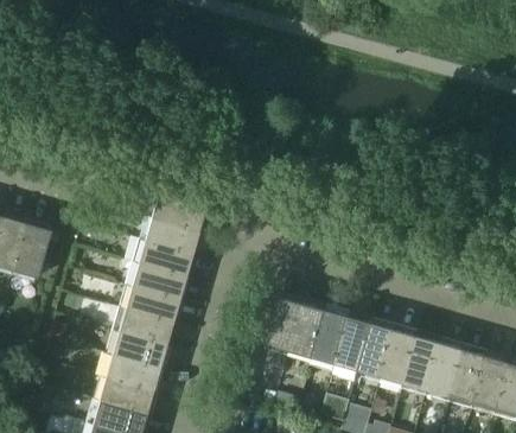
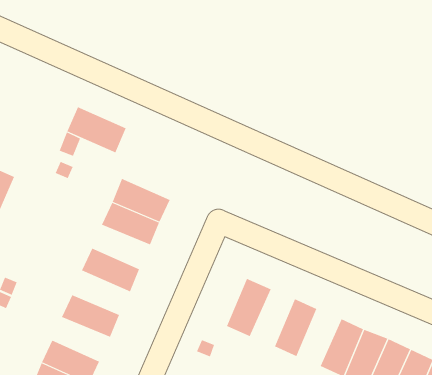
building: [149,195,205,234] -> [67,106,127,153]
building: [130,266,185,303] -> none
building: [289,305,326,358] -> none
building: [117,311,172,348] -> none
building: [336,318,372,371] -> none
building: [104,357,159,394] -> none

